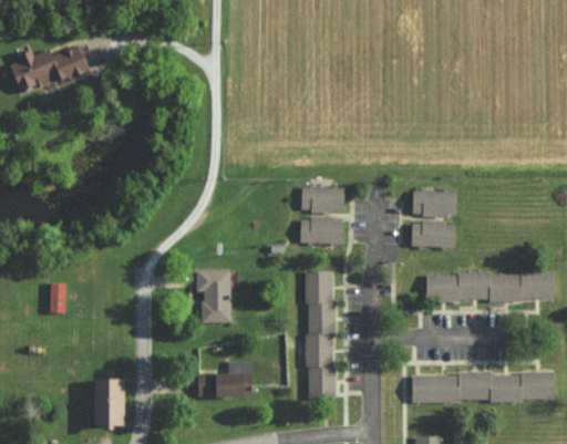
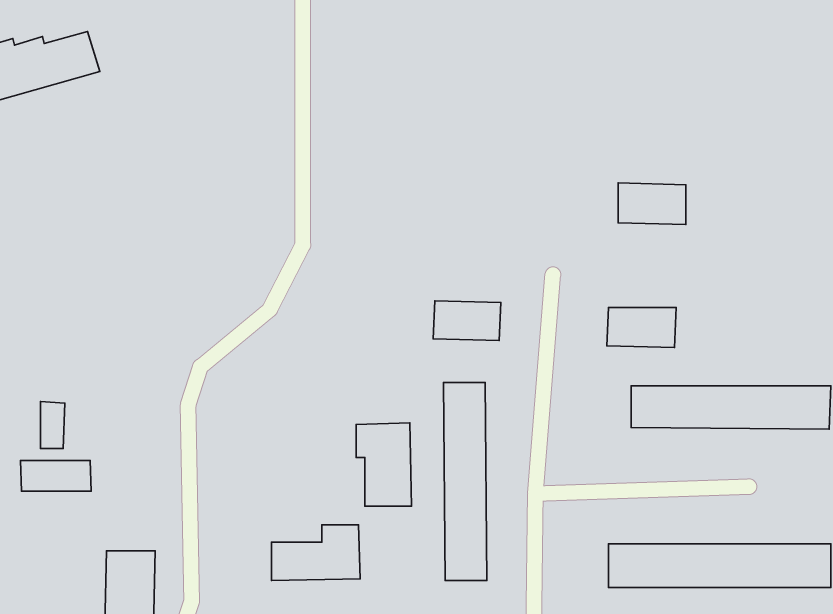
building: [300,186,343,213] -> none
building: [411,190,454,217] -> [618,183,686,225]
building: [195,269,230,322] -> [356,423,412,506]
building: none -> [21,460,91,491]

